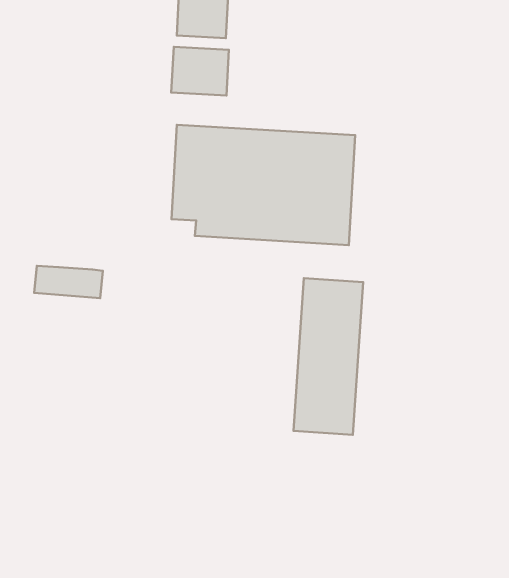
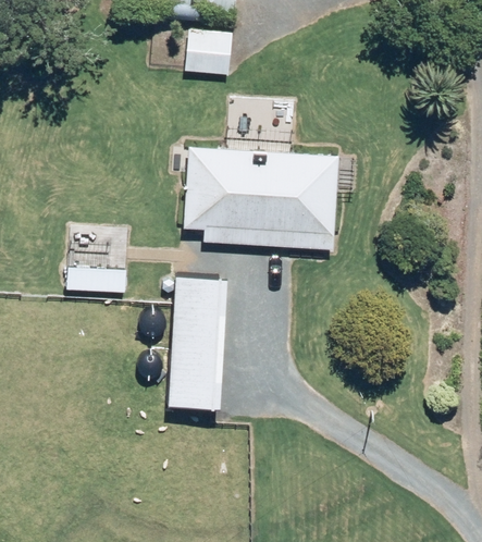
building: [171,47,229,96] -> none
building: [293,278,363,435] -> [168,275,226,407]

